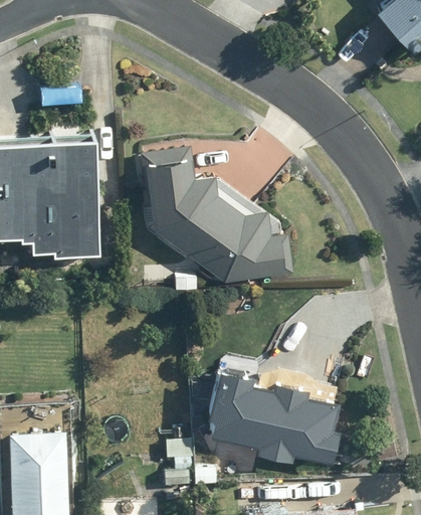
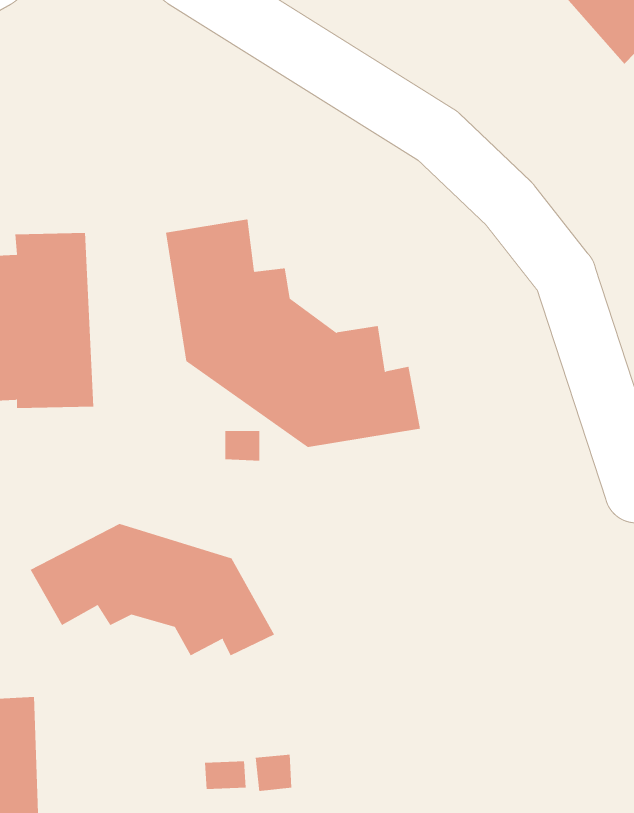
building: none -> [30,523,275,656]
building: [209,373,338,464] -> none

